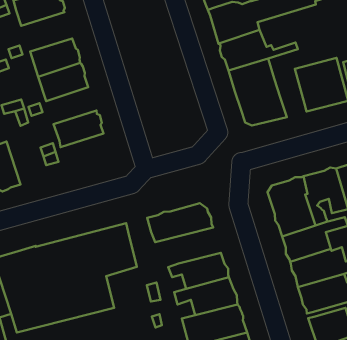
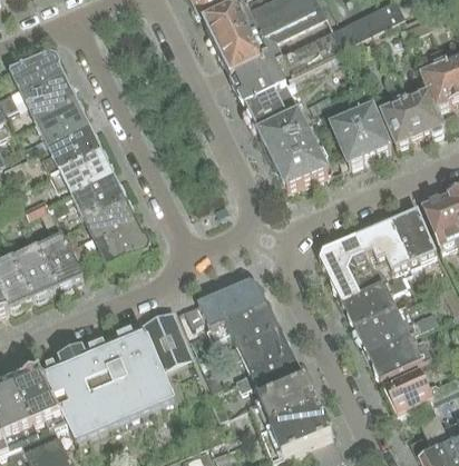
building: none -> [32,96,88,142]
building: none -> [70,171,125,216]
building: none -> [92,218,149,265]
building: none -> [35,230,81,285]
building: none -> [207,300,279,344]

